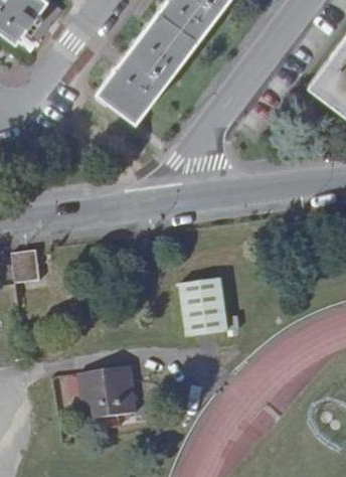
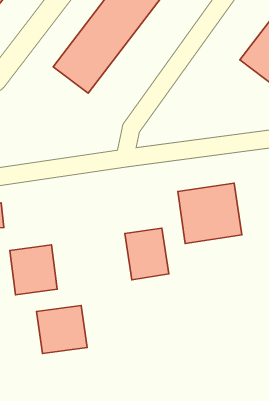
building: none -> [178,183,242,243]
building: none -> [10,245,57,295]

